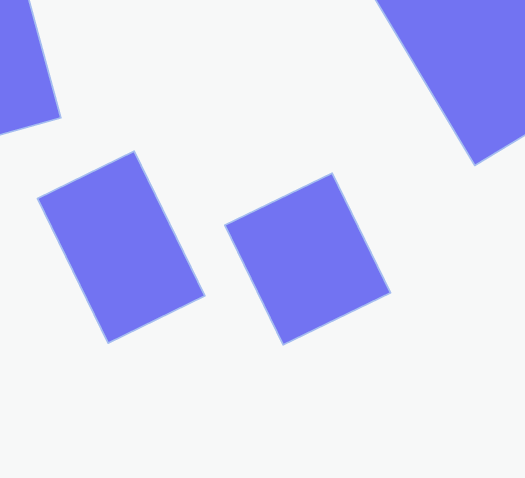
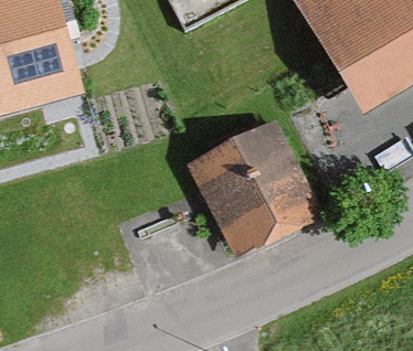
building: [37,151,205,343] -> none

